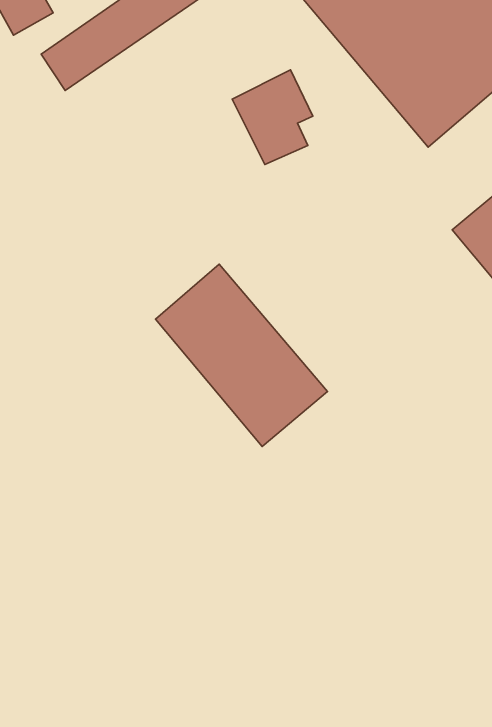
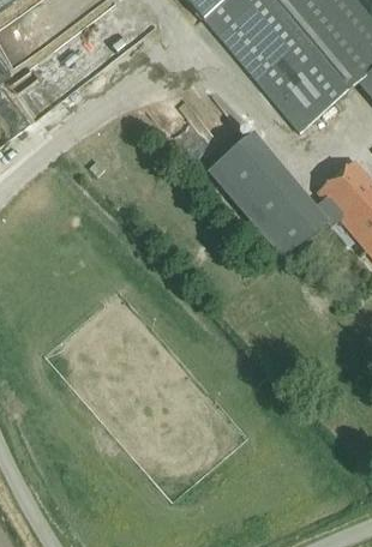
building: [155,264,327,447] -> [208,131,328,258]

